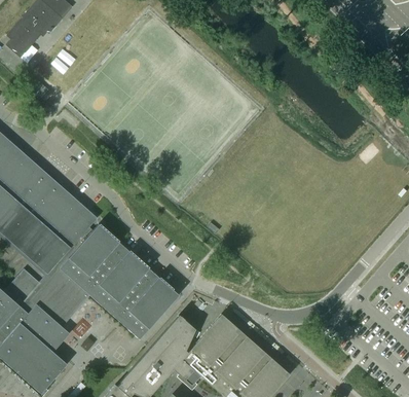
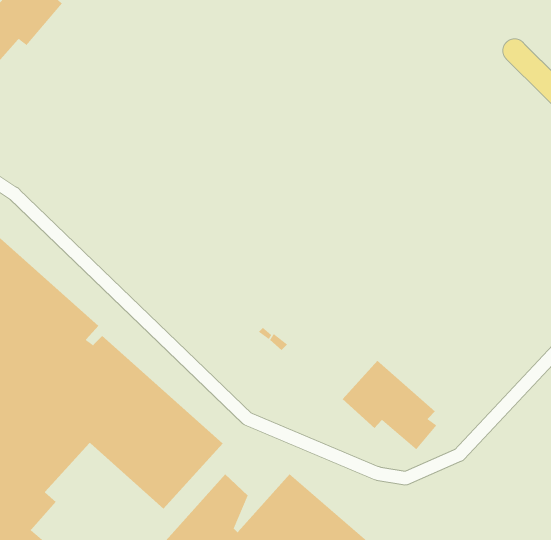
building: none -> [342,360,437,450]

